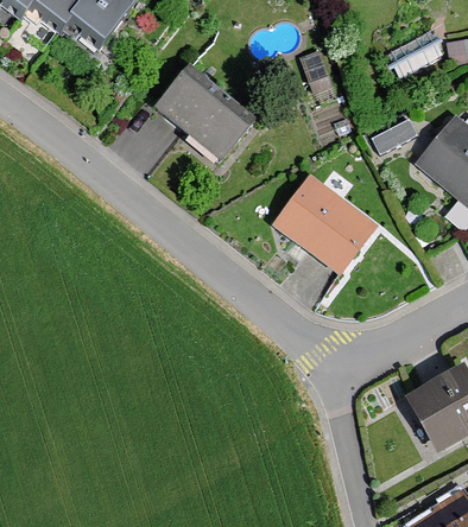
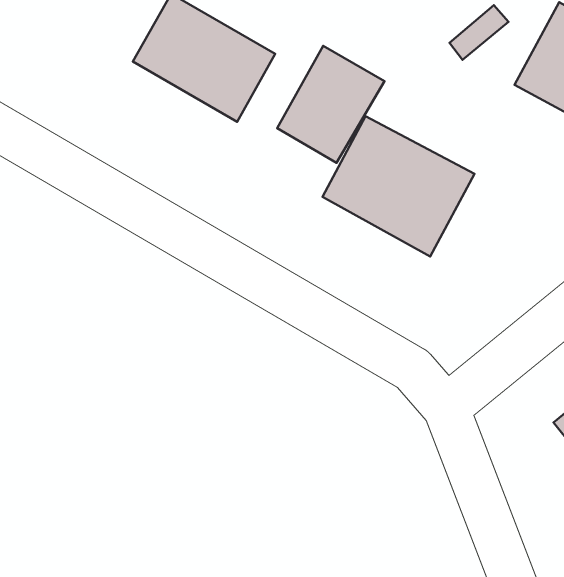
building: none -> [277,46,384,163]

